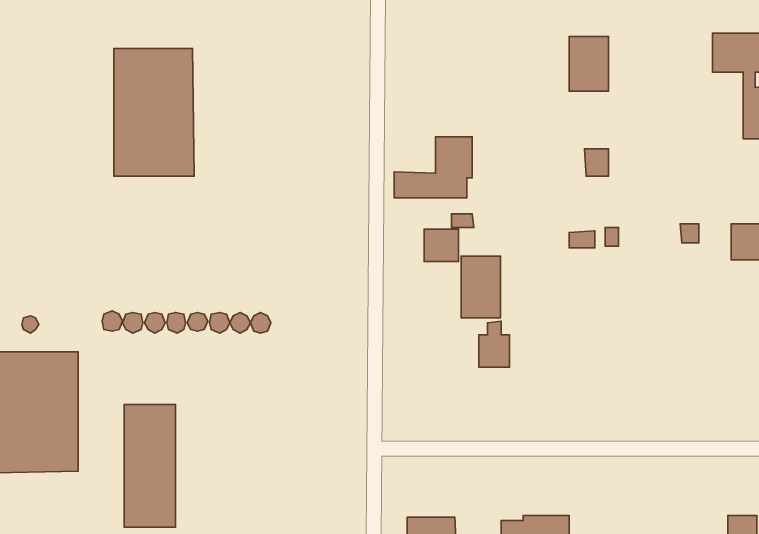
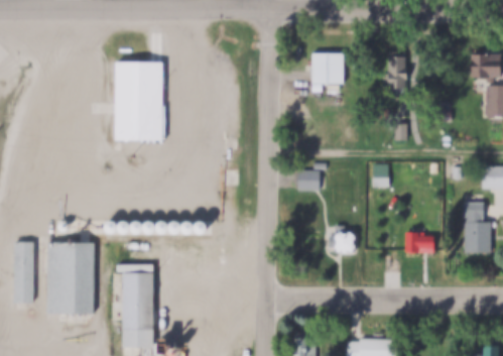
building: none -> [311,52,342,83]
building: [394,137,472,198] -> none
building: [461,256,501,318] -> none
building: none -> [461,203,490,252]
building: none -> [404,231,435,253]

